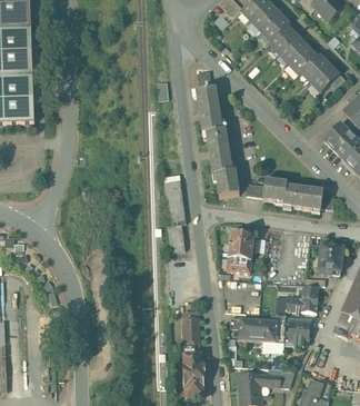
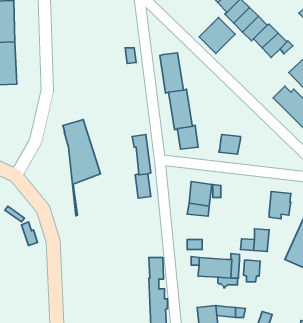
building: none -> [199,17,235,54]
building: none -> [63,119,101,216]
building: [283,185,323,210] -> none

